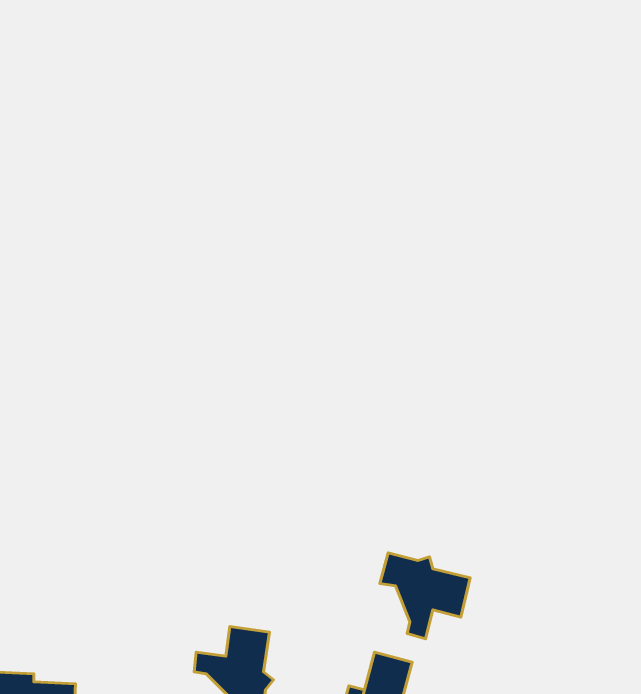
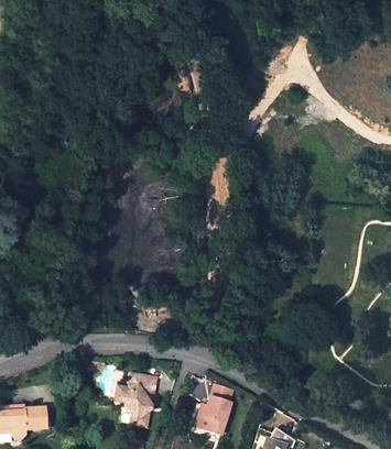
building: [380,553,470,639] -> none

